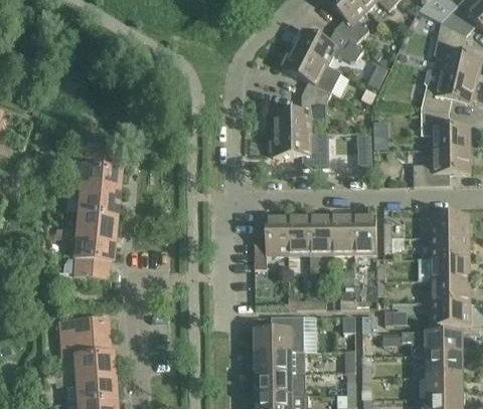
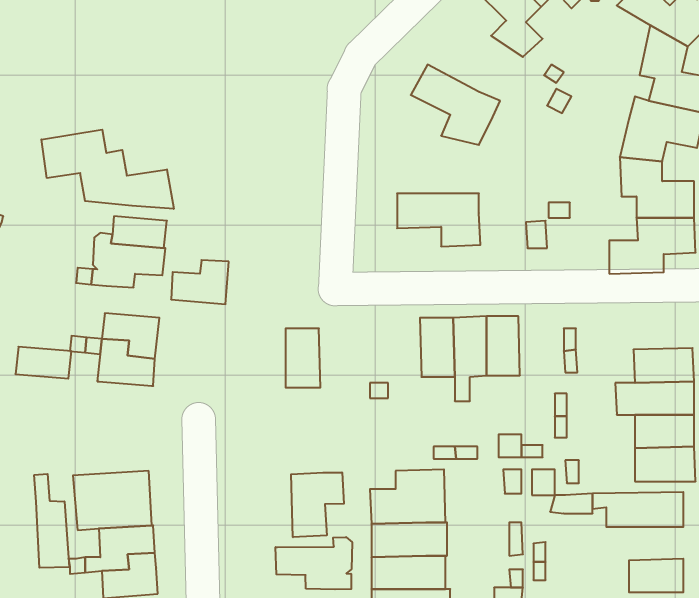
building: [293,27,364,65] -> none
building: none -> [41,130,174,209]
building: [272,94,327,133] -> none
building: [78,186,117,215] -> [171,260,229,304]
building: [430,213,469,236] -> none
building: [353,214,376,253] -> none
building: [266,215,289,254] -> [286,328,320,388]
building: [72,257,110,278] -> [15,347,72,379]
building: none -> [291,472,344,537]
building: none -> [34,474,69,568]
building: [427,354,463,376] -> none
building: none -> [276,537,352,589]

